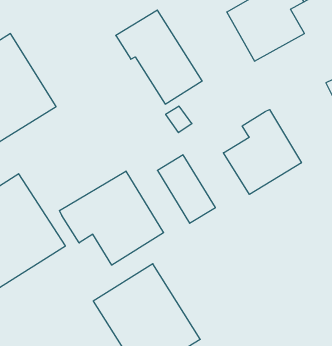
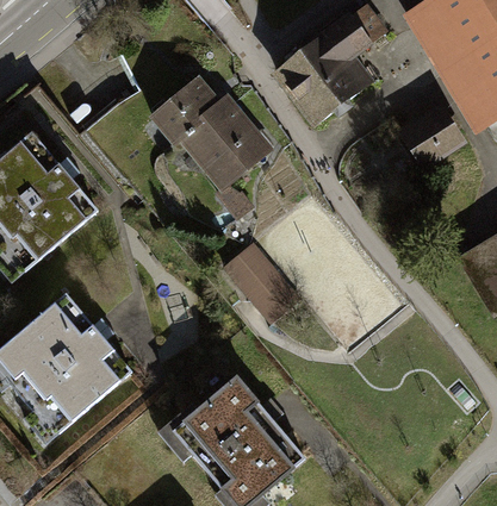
building: [223,110,301,194] -> none
building: [60,171,164,265] -> none

